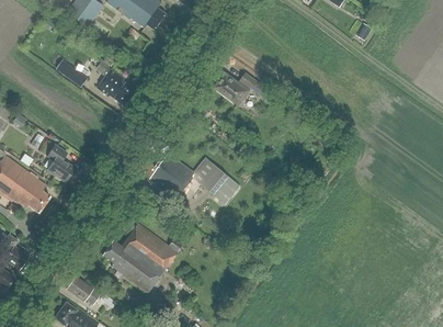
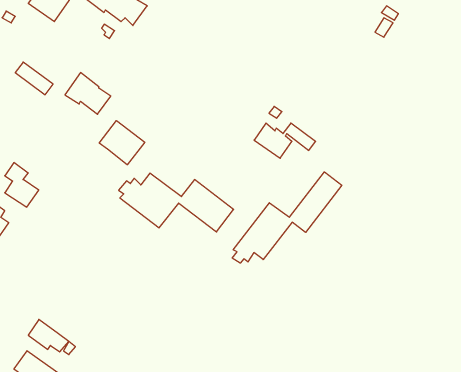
building: [214,72,265,102] -> [254,123,316,158]
building: none -> [99,121,145,165]
building: none -> [232,172,342,263]
building: [101,223,182,294] -> none

